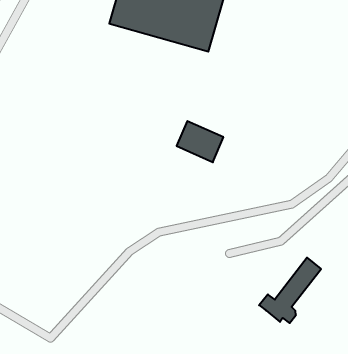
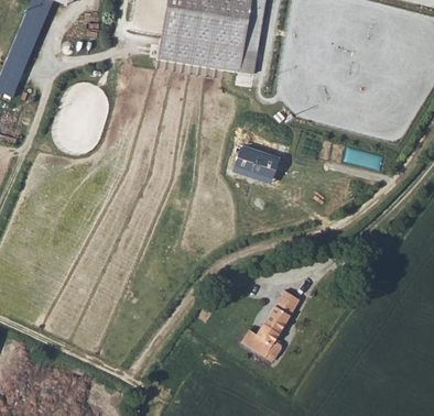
building: [259,258,321,323] -> [239,289,297,358]

